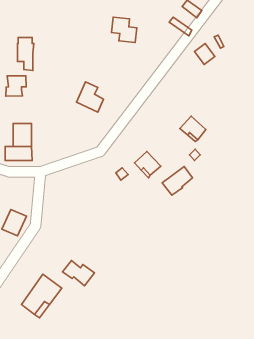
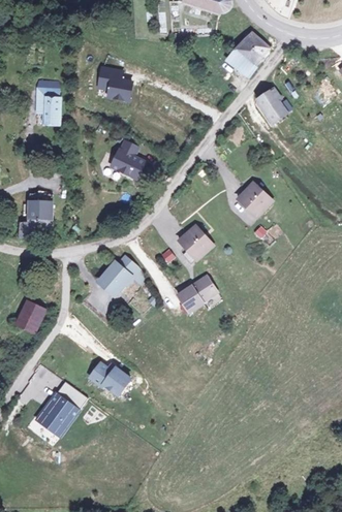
building: none -> [230,43,260,73]
building: [112,17,137,42] -> [97,75,129,107]
building: [6,76,26,96] -> none
building: [162,166,192,195] -> [182,275,220,311]
building: none -> [98,256,139,295]

